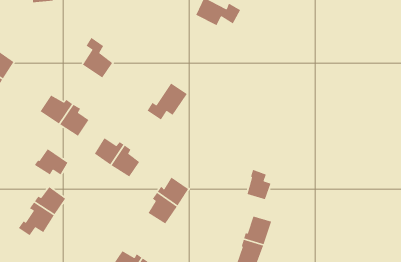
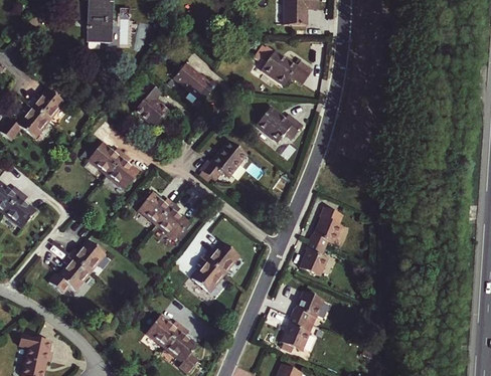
building: none -> [175,63,212,98]
building: none -> [257,107,303,141]
building: none -> [309,206,342,247]
building: [34,148,69,175] -> none

